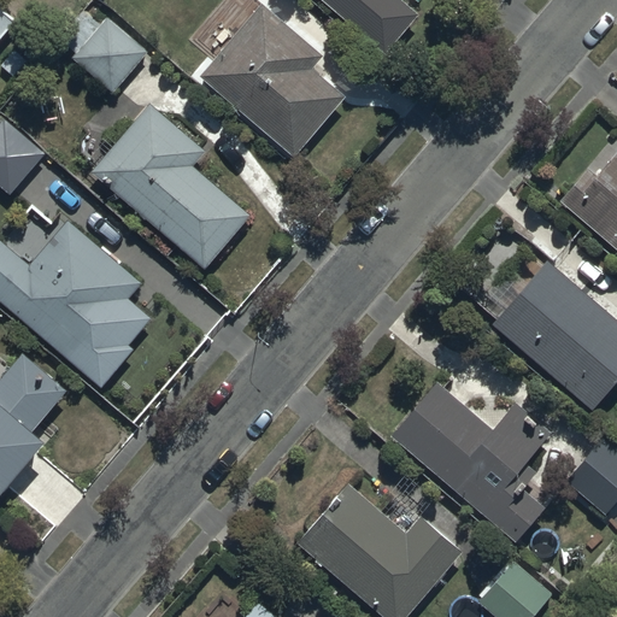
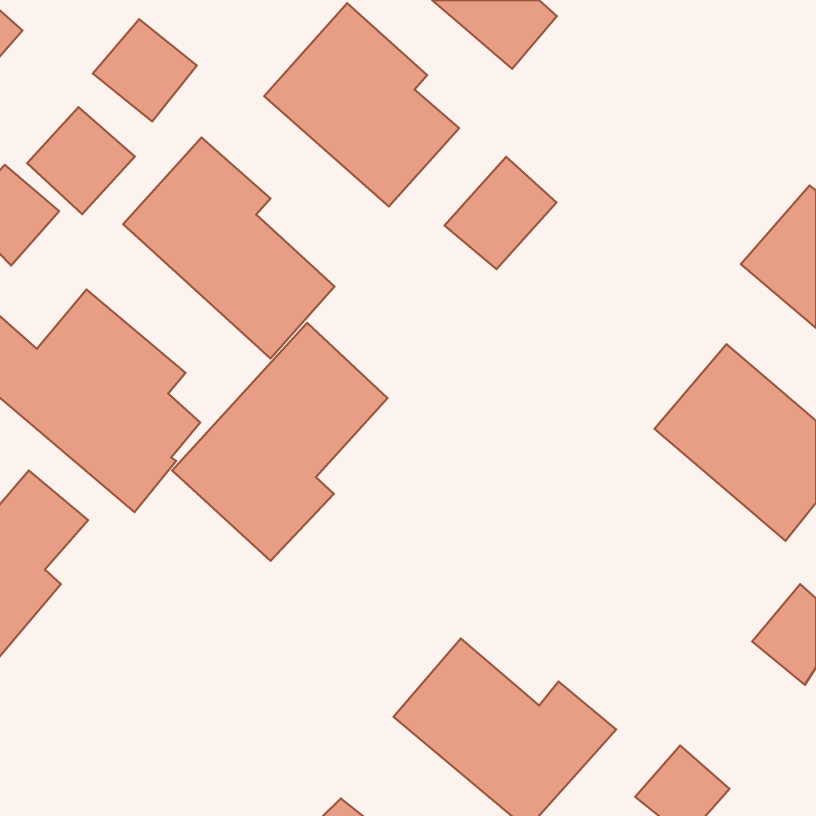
building: none -> [27,107,135,214]
building: none -> [445,157,556,269]
building: none -> [172,323,388,561]
building: [393,383,552,540] -> none

